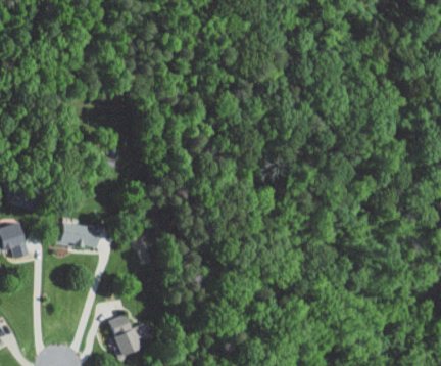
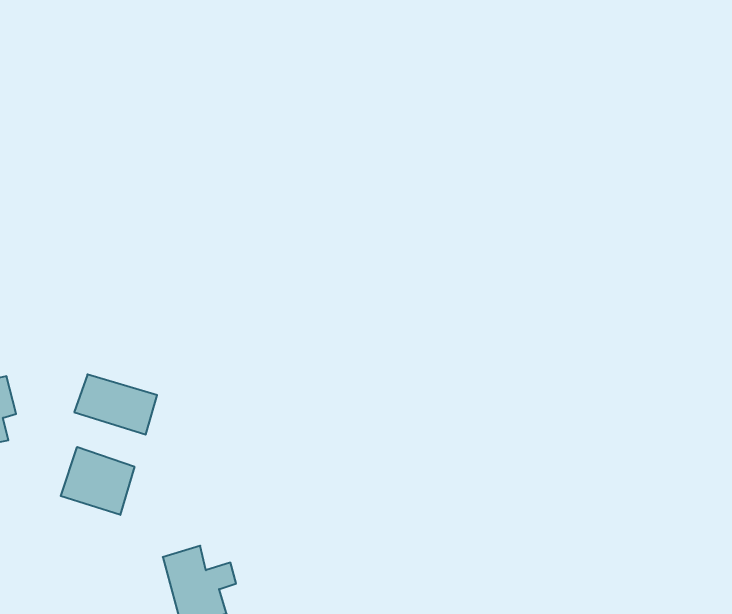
building: none -> [61,447,134,515]

